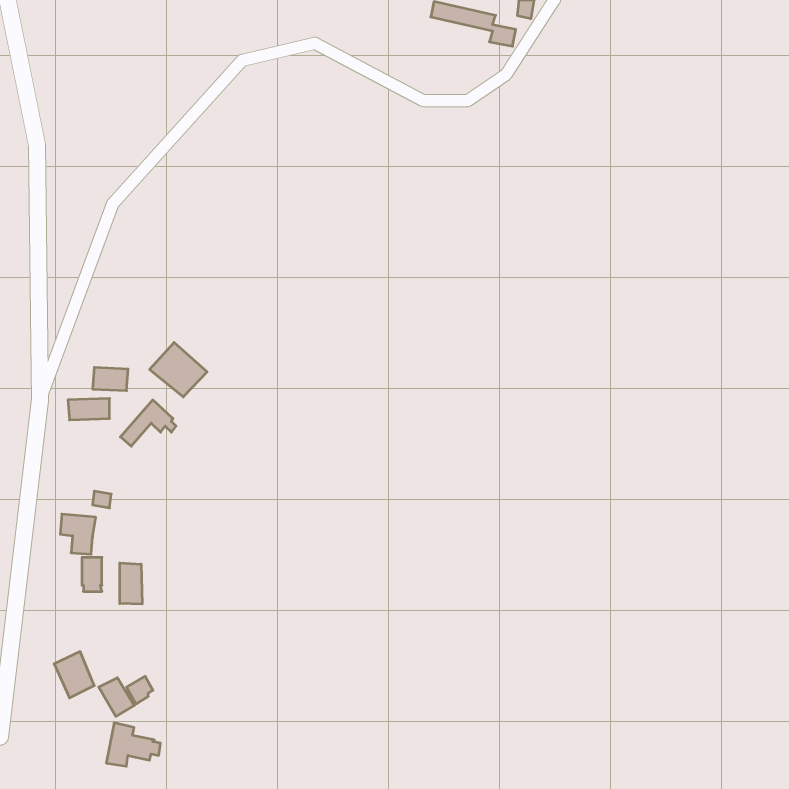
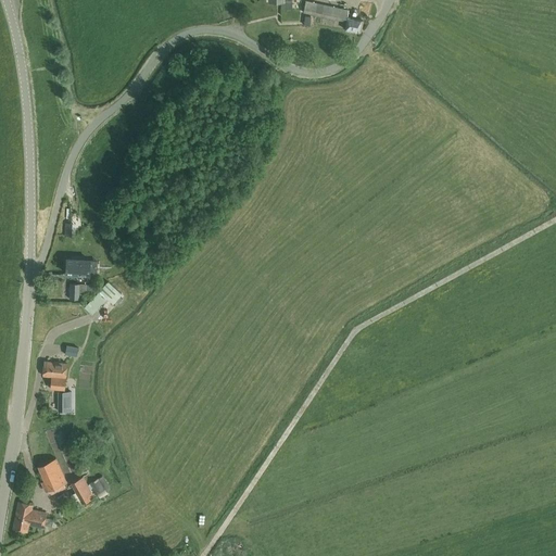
building: [150,342,207,397] -> none
building: [120,563,142,604] -> none
building: [106,723,160,766] -> [13,502,51,532]

